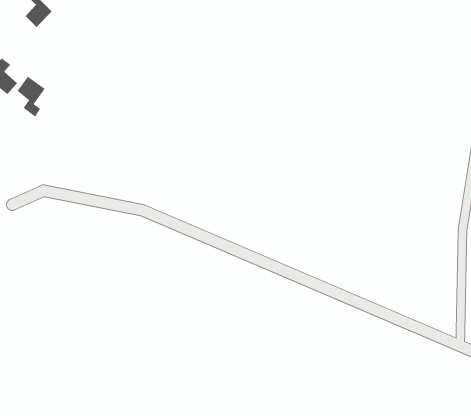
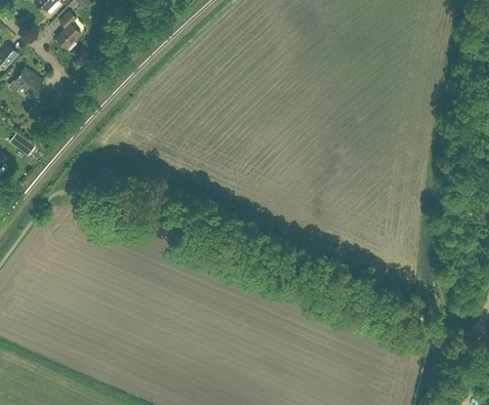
building: [17,76,46,117] -> none

